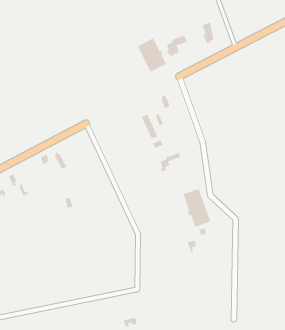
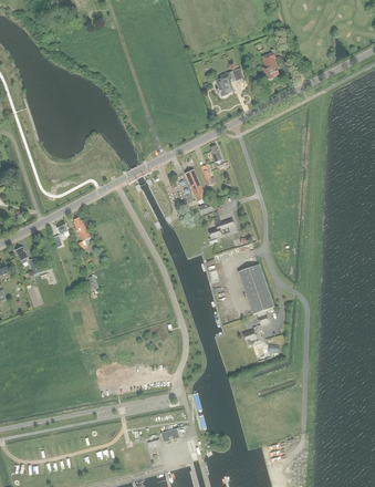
building: [137,37,167,73] -> none

